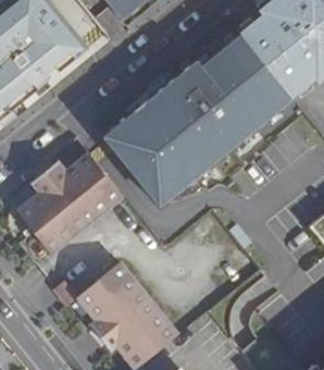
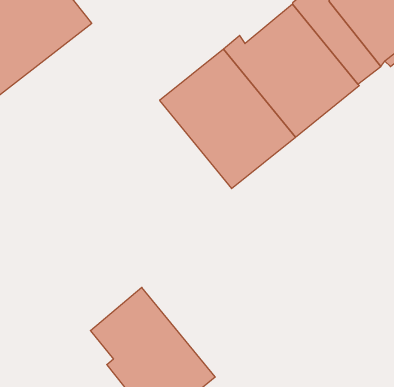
building: [103,112,190,208] -> none
building: [17,153,122,252] -> none

